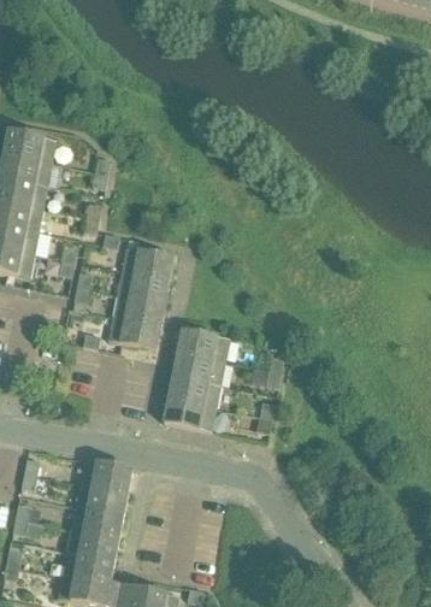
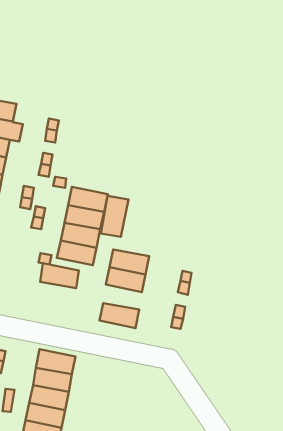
building: none -> [101,196,128,237]
building: [169,373,219,406] -> [40,263,79,288]

